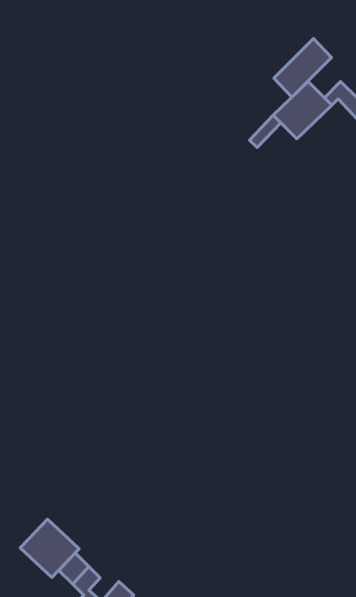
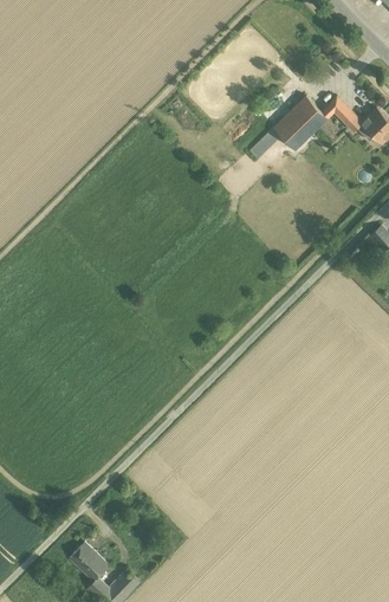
building: [274,38,332,97] -> none
building: [20,519,79,577] -> none

